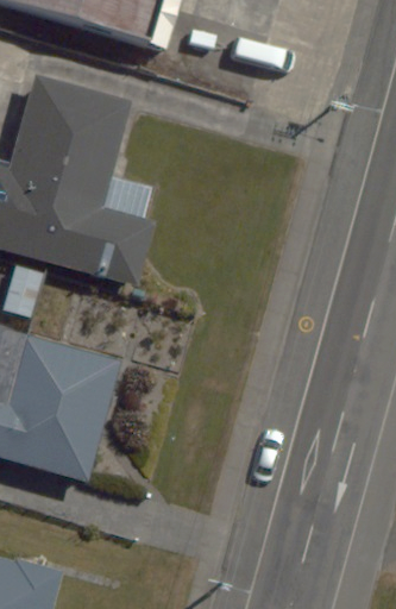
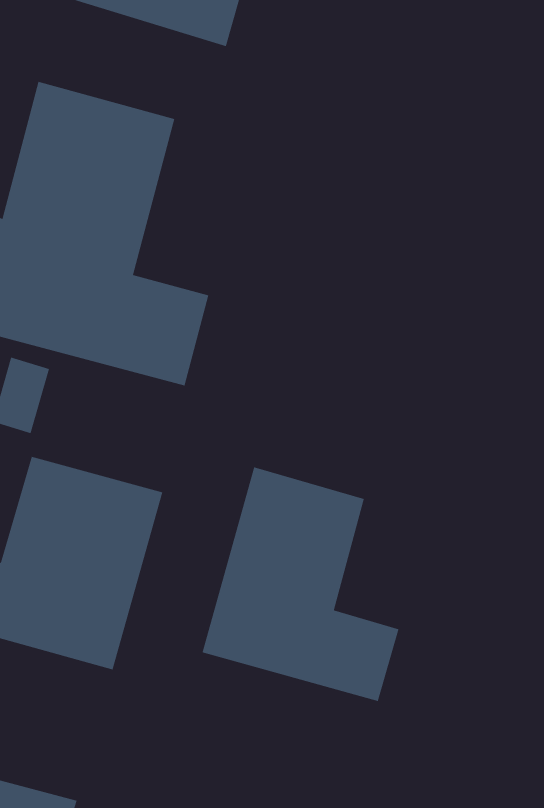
building: none -> [202,467,399,702]

